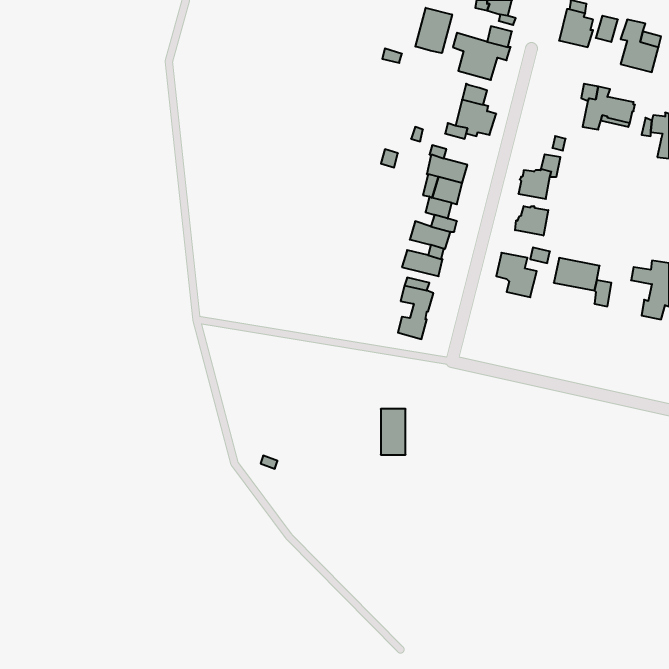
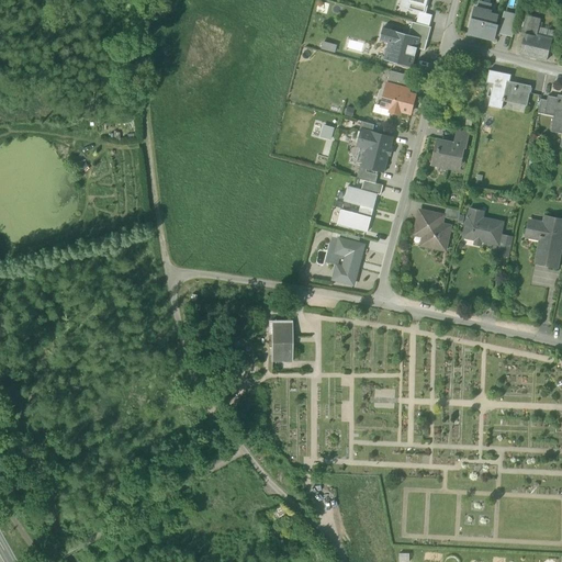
building: [415,8,452,53] -> none
building: [515,206,548,236] -> none
building: [381,409,406,455] -> [271,321,292,359]

